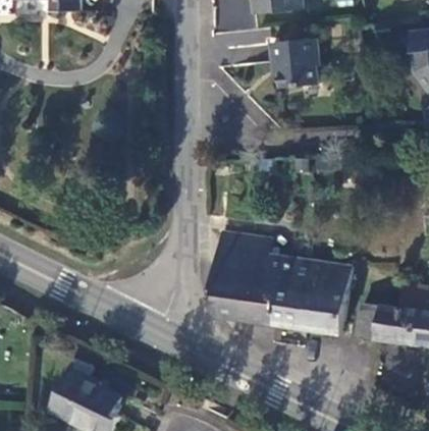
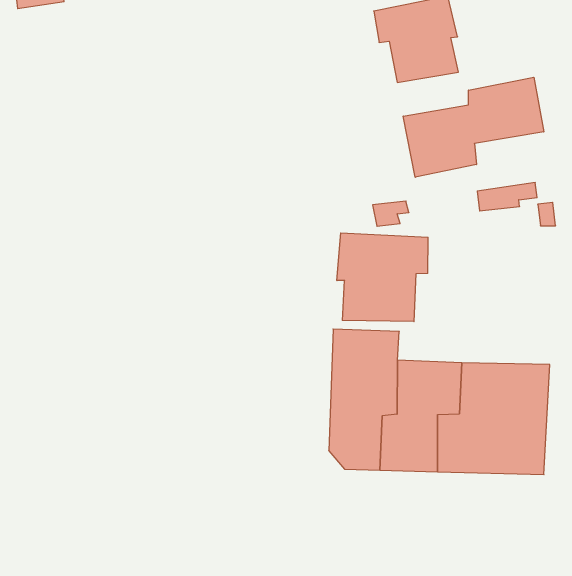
building: none -> [403,77,544,177]
building: none -> [337,233,428,322]

